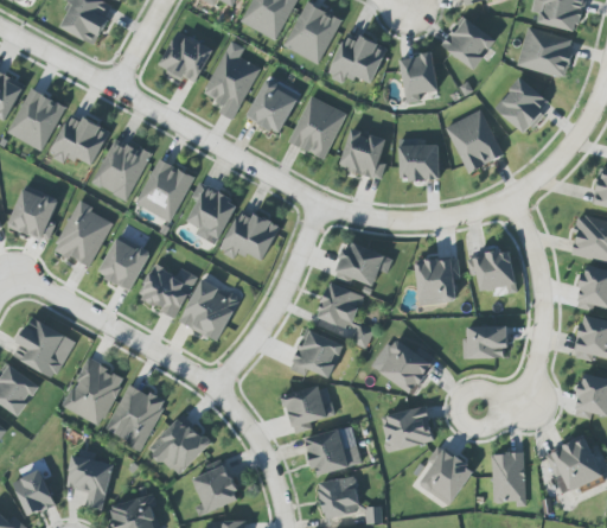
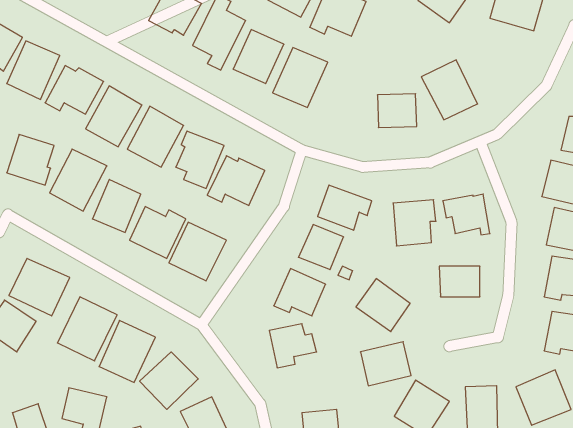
building: [398,53,439,104] -> none
building: [494,77,550,133] -> none
building: [339,128,385,179] -> none
building: [305,425,362,476] -> none

